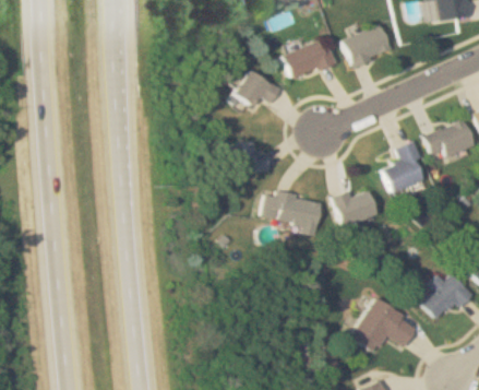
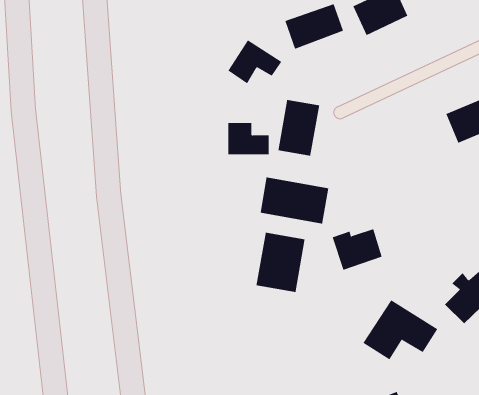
building: none -> [278,99,320,157]
building: [384,142,427,192] -> none
building: [333,189,378,226] -> [332,228,382,271]
building: none -> [256,232,305,293]

